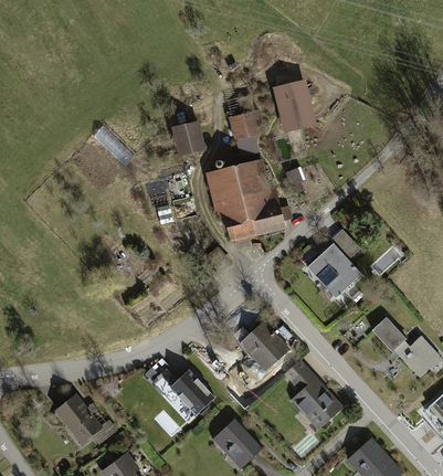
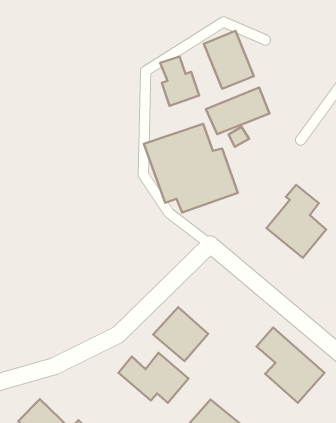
building: [171,119,207,156] -> none
building: none -> [206,88,270,134]
building: [239,318,289,369] -> [153,307,208,361]

